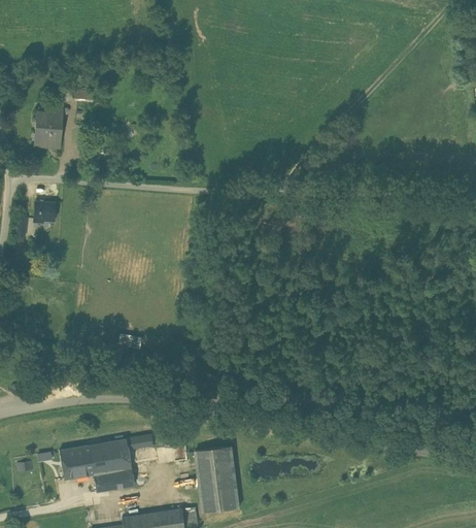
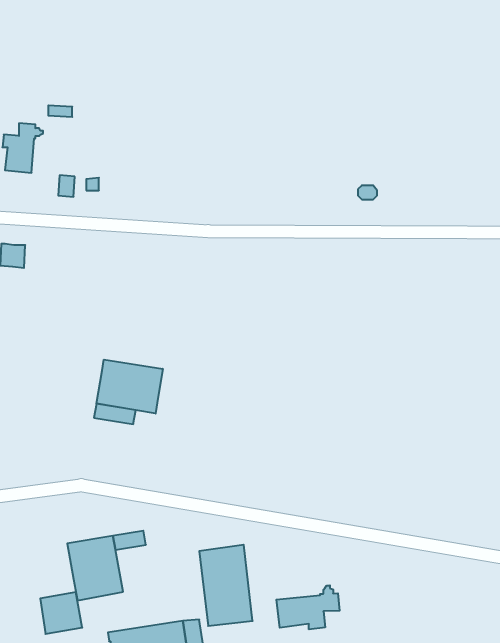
building: none -> [97,360,163,414]
building: [60,446,94,480] -> [40,592,82,634]
building: none -> [276,585,340,629]

